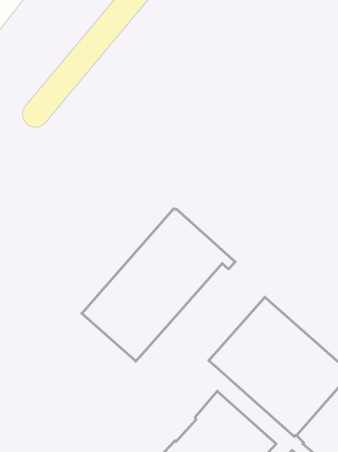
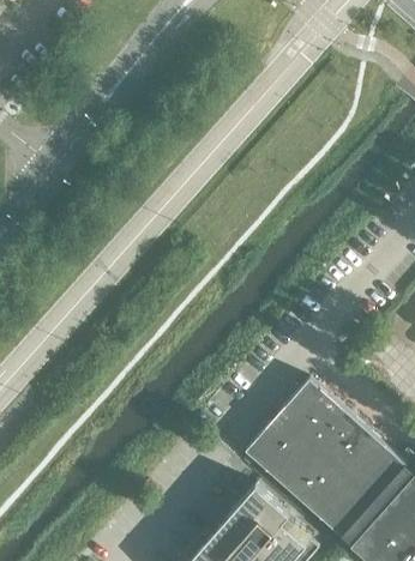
building: [82,209,235,361] -> none

